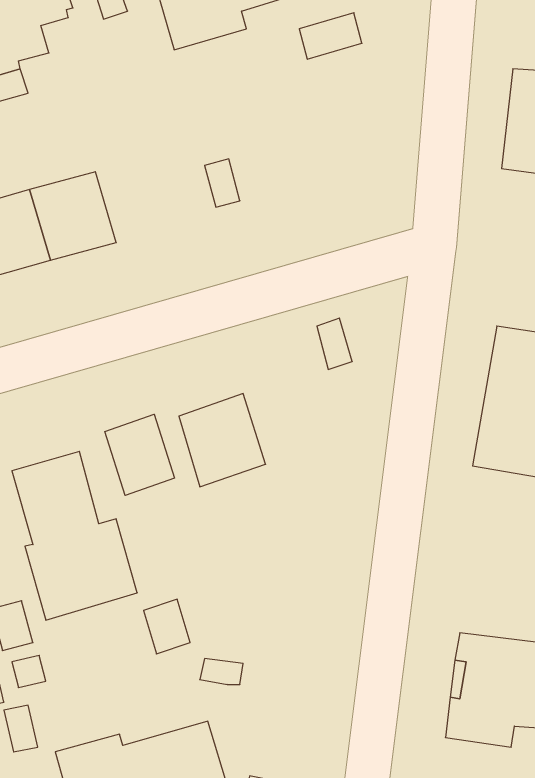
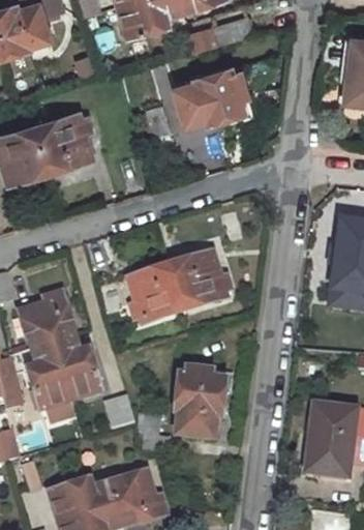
building: none -> [175,71,247,127]
building: none -> [172,246,229,305]
building: [105,414,175,495] -> none
building: none -> [174,363,228,433]

